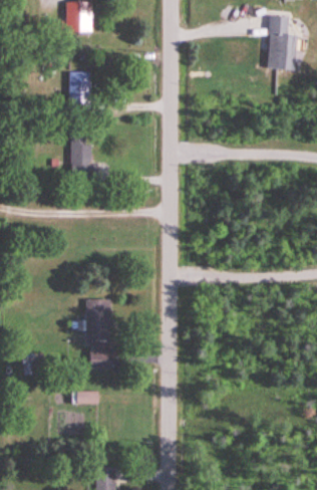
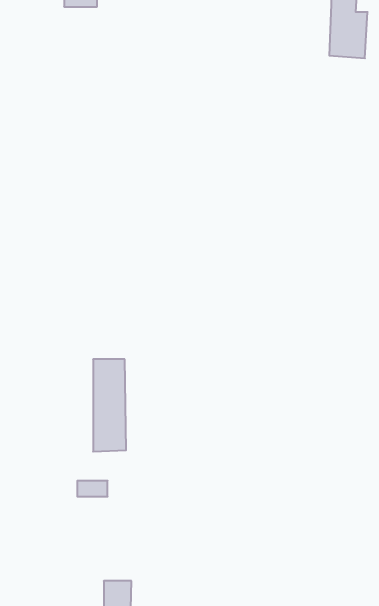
building: [69,72,91,101] -> none
building: [71,135,96,177] -> none

